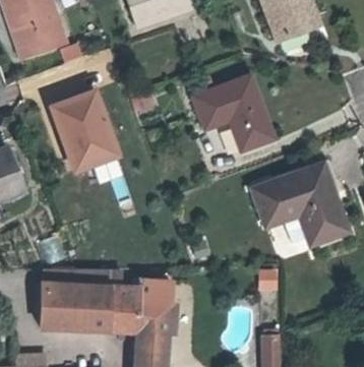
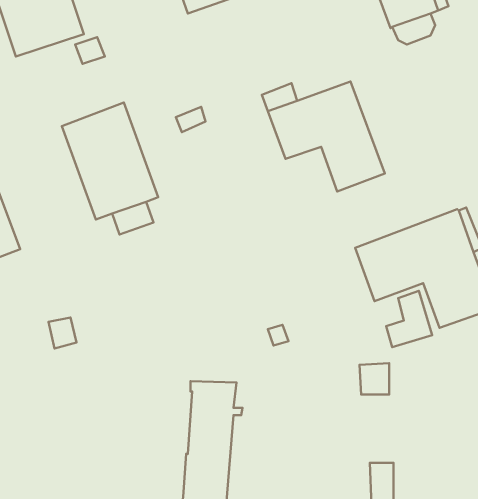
building: [39,268,140,330] -> none

